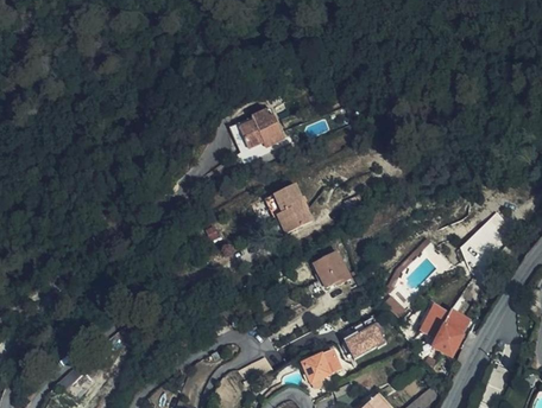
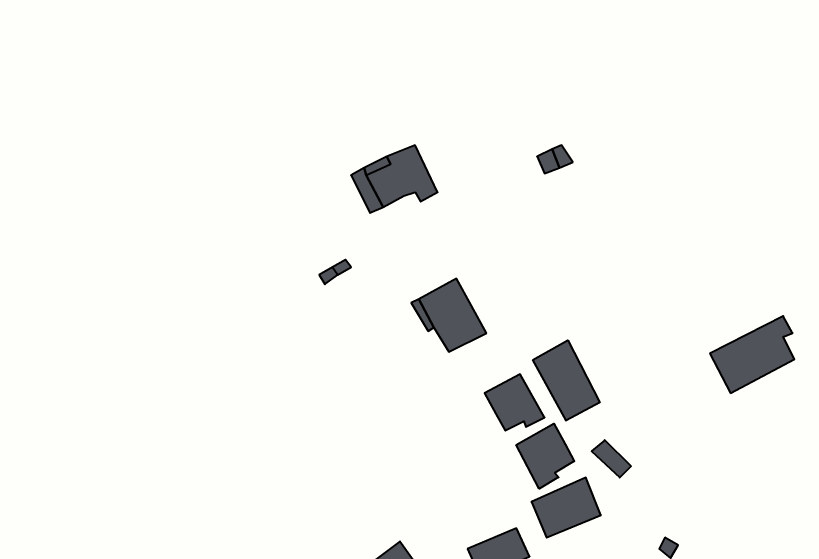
building: none -> [533,340,600,421]
building: none -> [516,424,574,489]
building: [420,305,467,357] -> none

